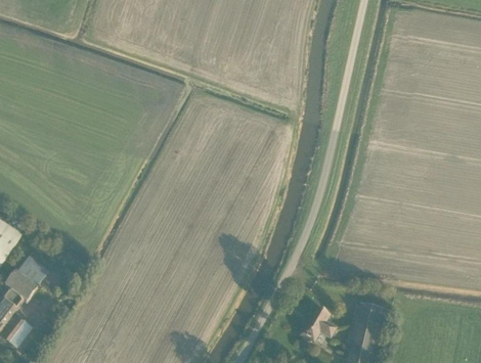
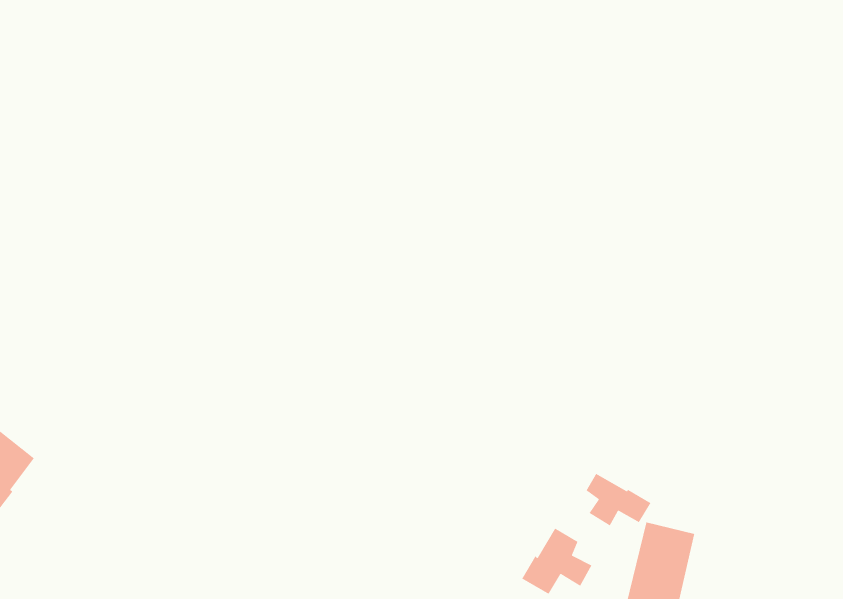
building: none -> [585,473,652,527]

